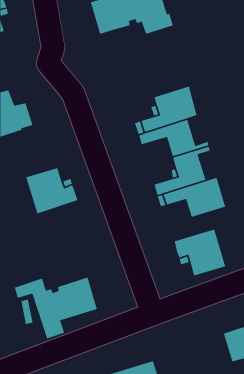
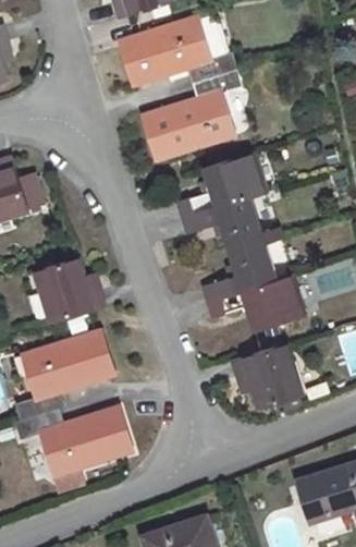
building: none -> [144,72,236,159]
building: none -> [21,331,114,418]

